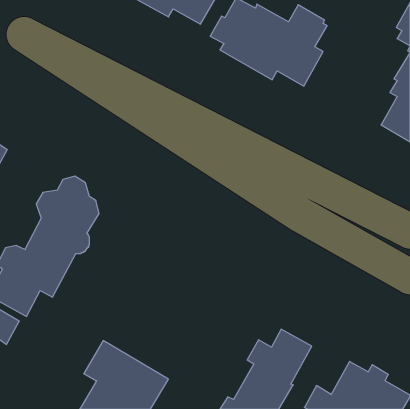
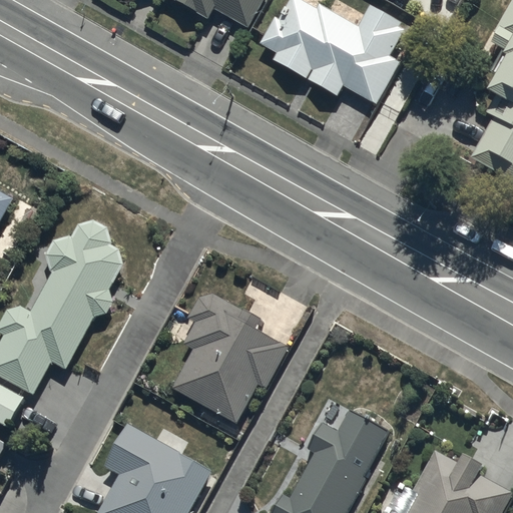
building: none -> [172,289,288,422]

